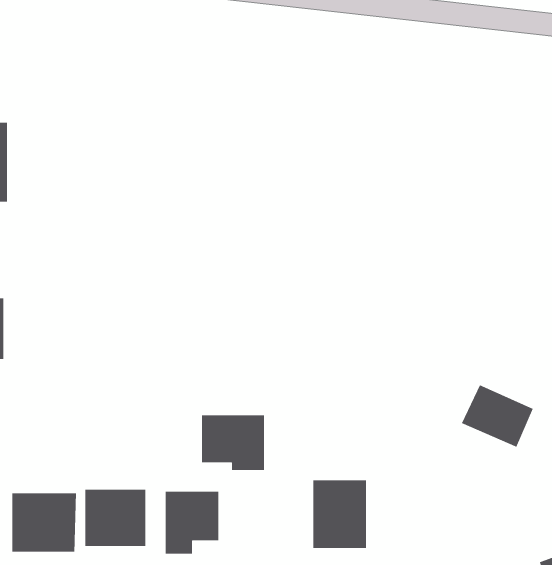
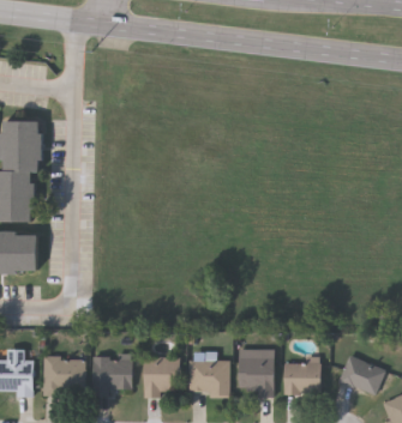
building: [461,384,534,448] -> [338,356,385,397]
building: [201,415,265,471] -> [188,361,229,397]
building: none -> [284,362,322,394]

